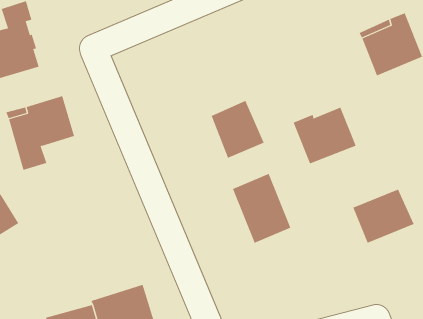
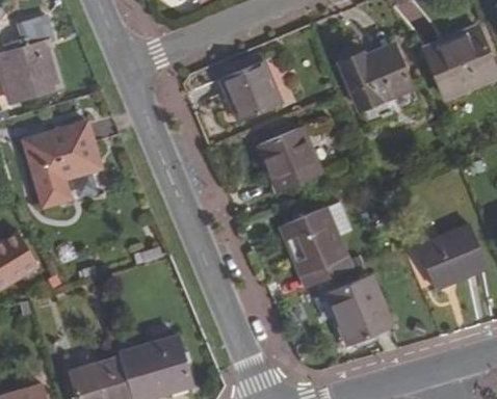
building: none -> [216,60,278,122]
building: [293,107,357,164] -> [337,45,409,109]
building: none -> [322,276,387,345]

